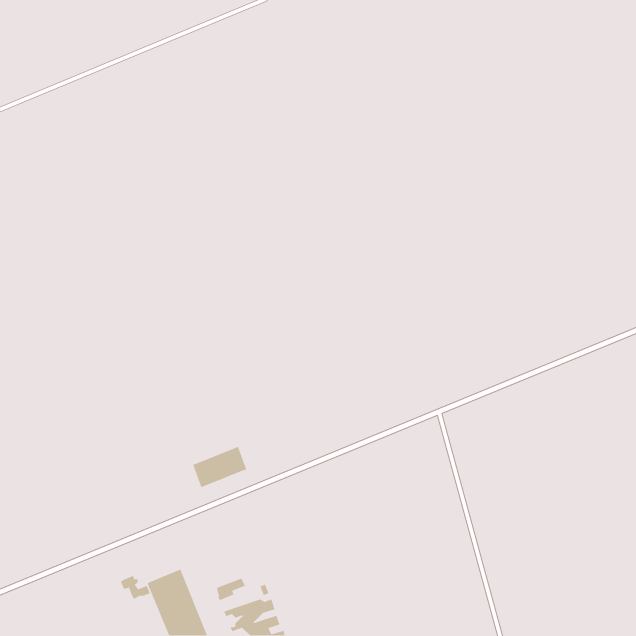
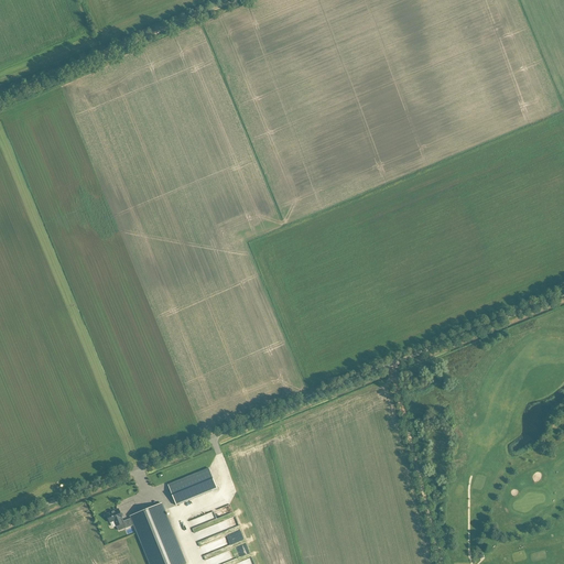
building: [192,446,247,488] -> [167,467,216,505]

